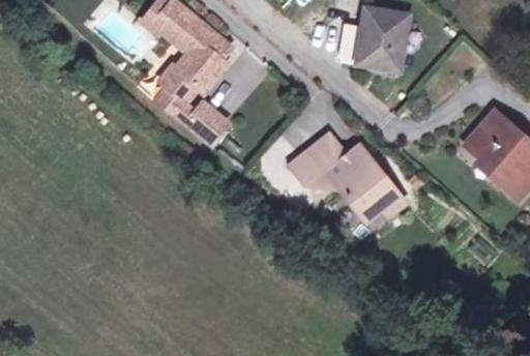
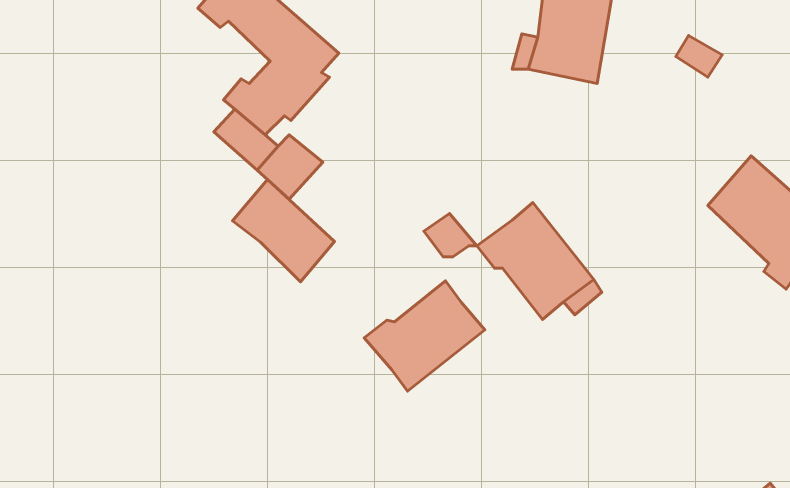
building: none -> [232,180,334,282]
building: [304,132,345,172] -> none
building: none -> [364,281,485,391]

